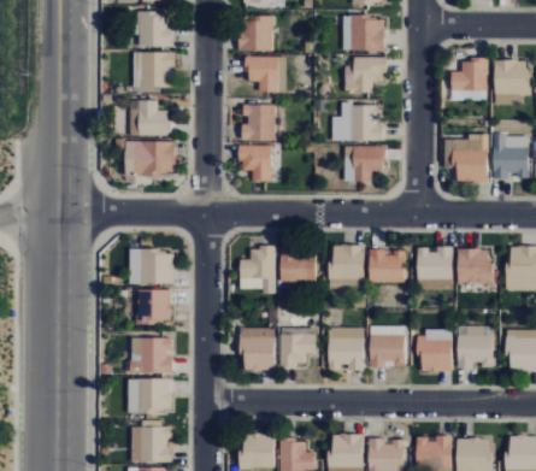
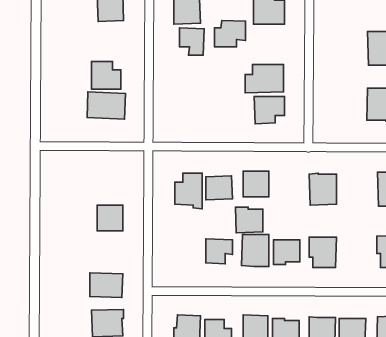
building: [132,52,175,88] -> none
building: [344,57,385,92] -> [214,20,246,47]
building: [450,58,488,90] -> none
building: [242,104,276,140] -> none
building: [443,134,488,182] -> none
building: [240,146,271,181] -> none
building: [129,248,175,284] -> none
building: [457,248,491,283] -> none
building: [369,249,405,283] -> [235,207,263,233]
building: [458,326,494,367] -> none
building: [240,328,275,371] -> none
building: [131,337,172,373] -> none

